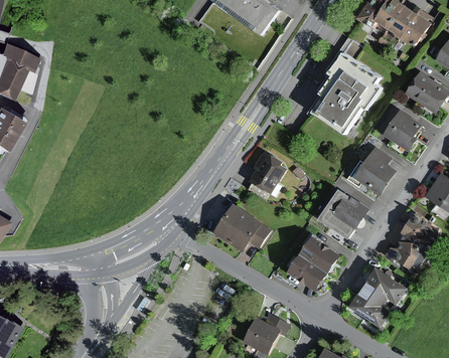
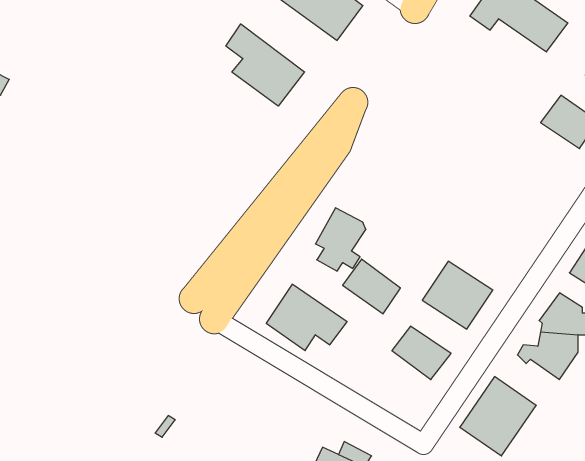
building: none -> [226,24,305,106]
building: [312,51,383,135] -> none
building: [383,112,417,149] -> none
building: [346,149,391,189] -> none
building: [288,251,328,290] -> [343,259,400,314]

